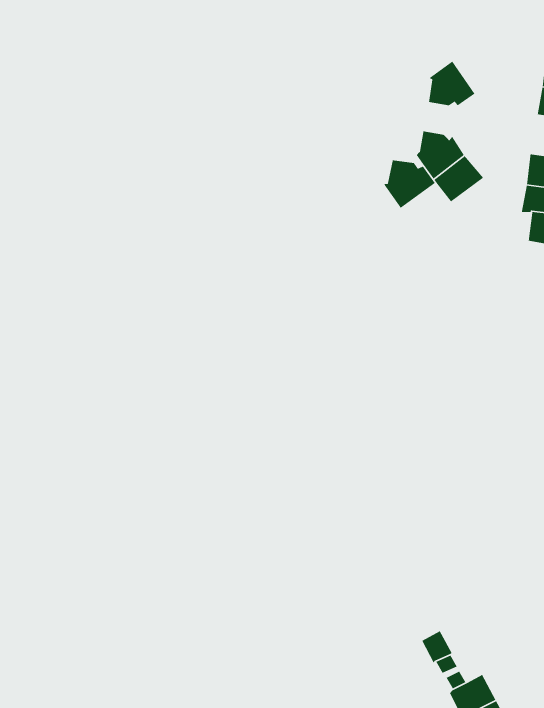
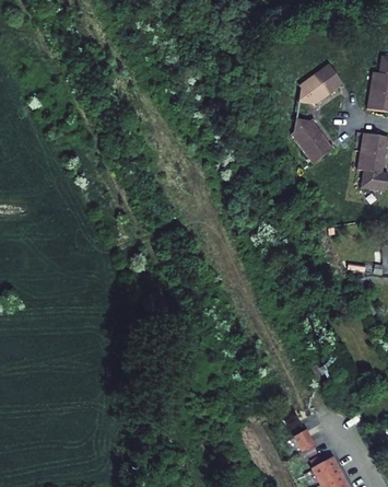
building: none -> [314,63,343,95]
building: [383,159,436,209] -> none

